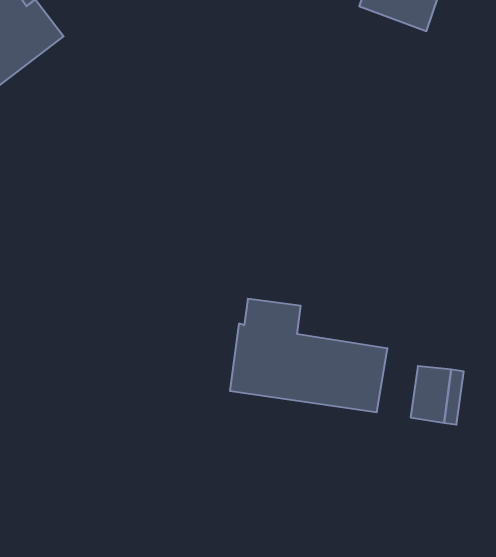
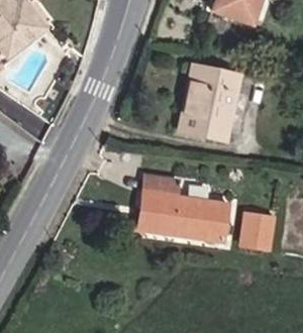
building: none -> [180,66,239,140]

